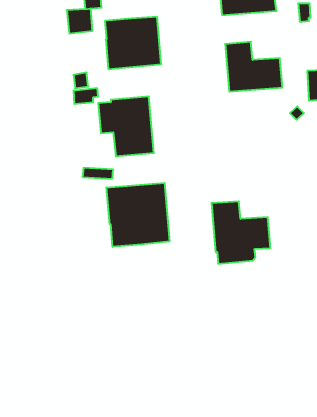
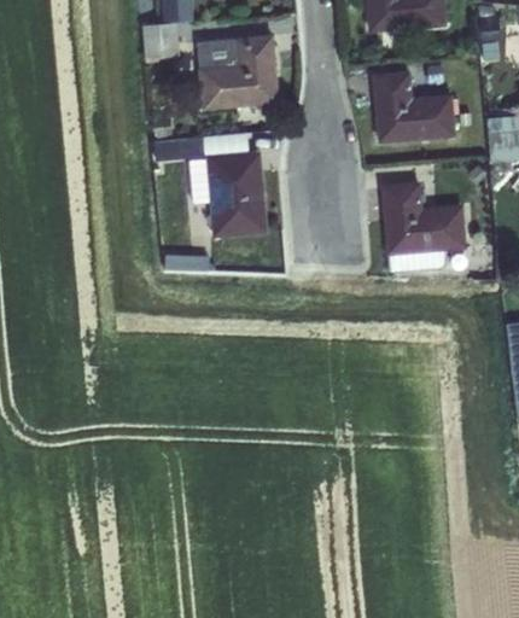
building: [106,183,170,247] -> none
building: [211,202,270,264] -> [380,181,466,272]

